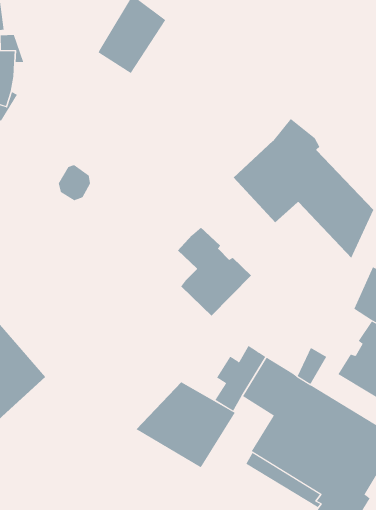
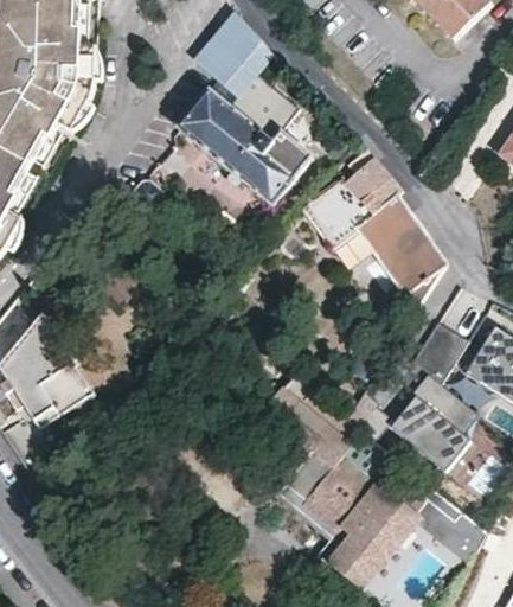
building: none -> [175,81,307,206]
building: [177,227,252,317] -> none
building: [135,381,235,468] -> none

